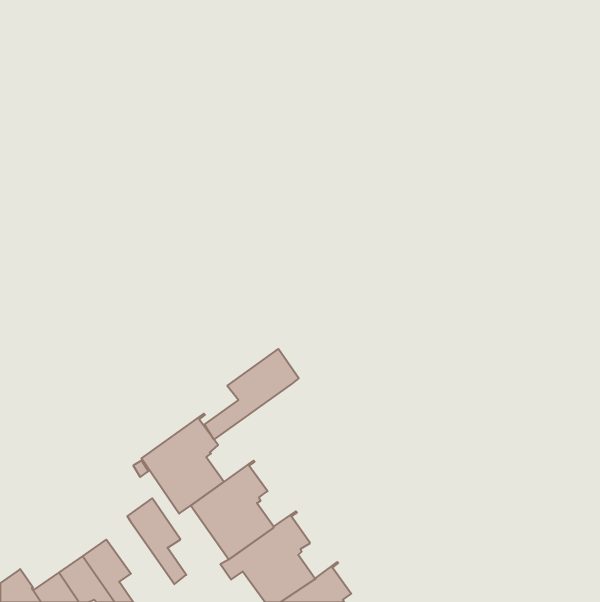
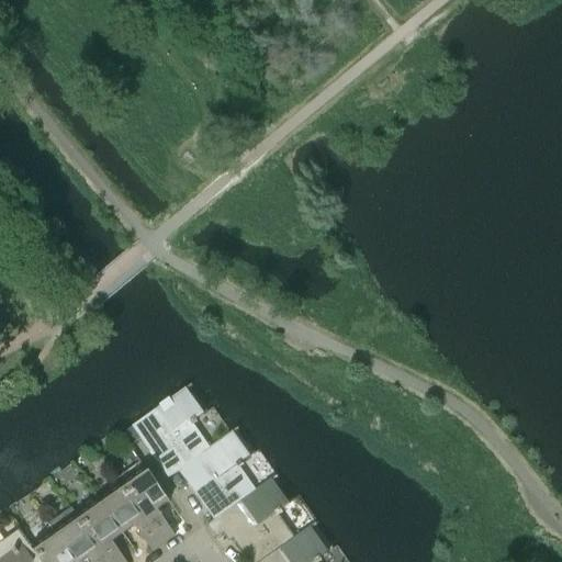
building: [205,349,299,439] -> none
building: none -> [101,486,165,552]

